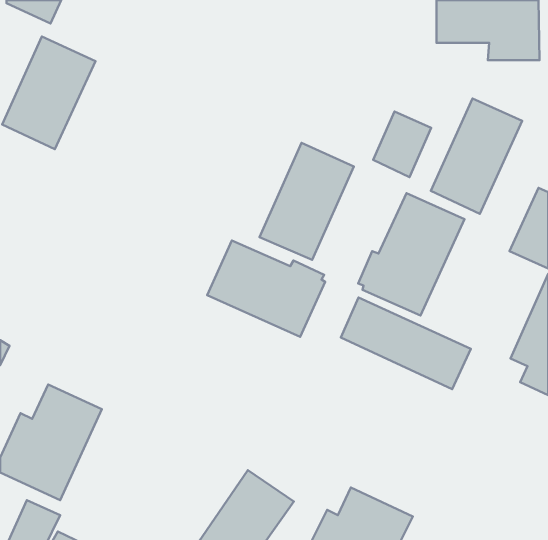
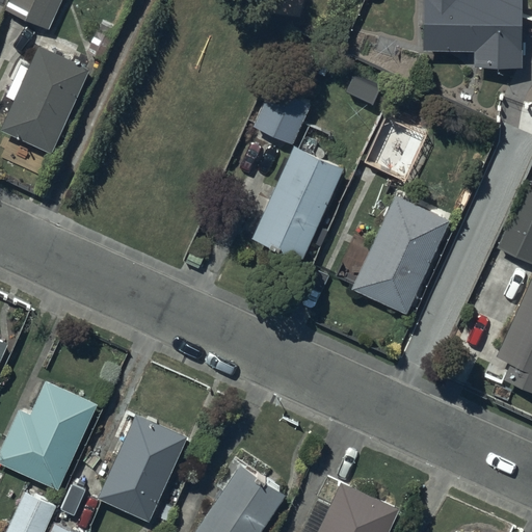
building: none -> [251,86,311,144]
building: [431,98,522,214] -> none
building: [207,241,325,337] -> none
building: [341,298,471,389] -> none
building: none -> [99,414,189,522]

